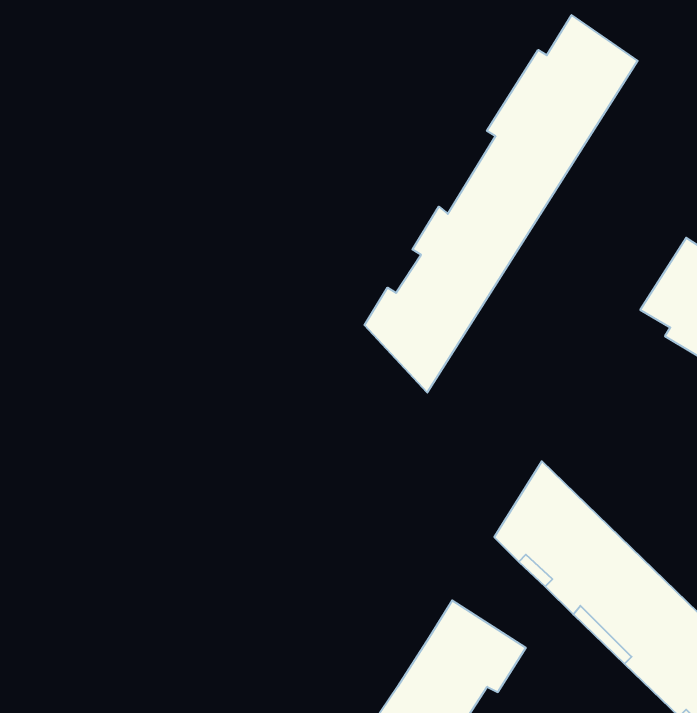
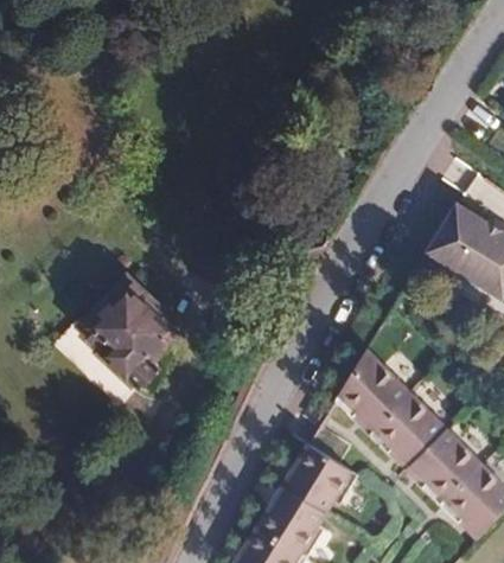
building: [364,15,638,393] -> none
building: none -> [78,283,170,395]

